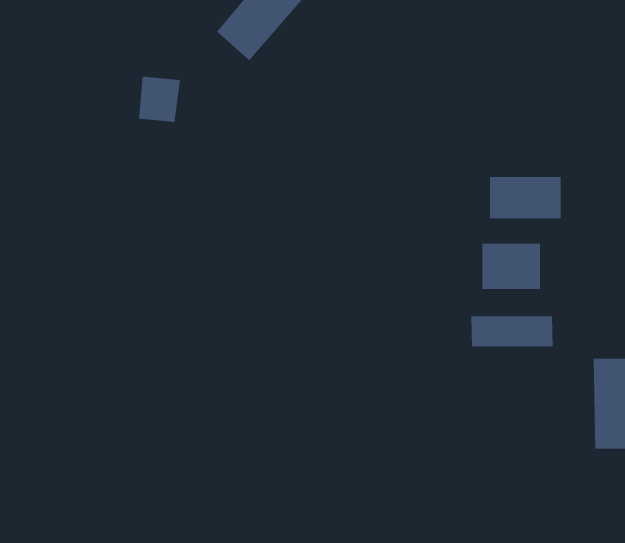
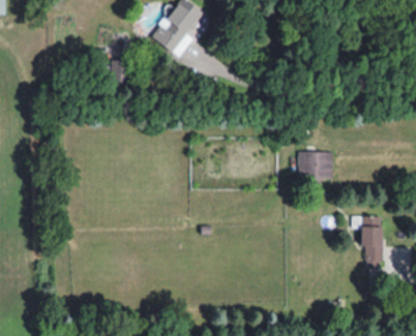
building: [489,176,561,219] -> none
building: [471,315,553,347] -> none

